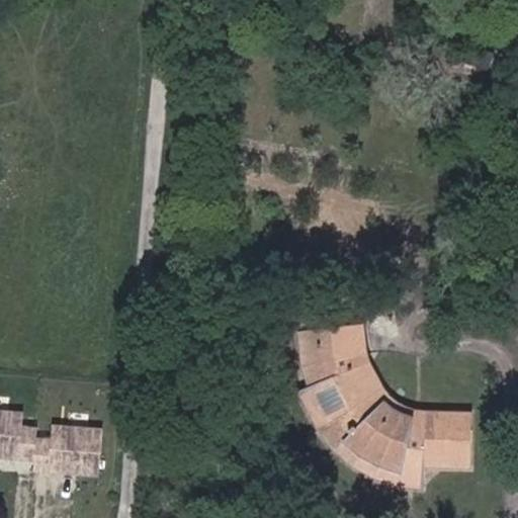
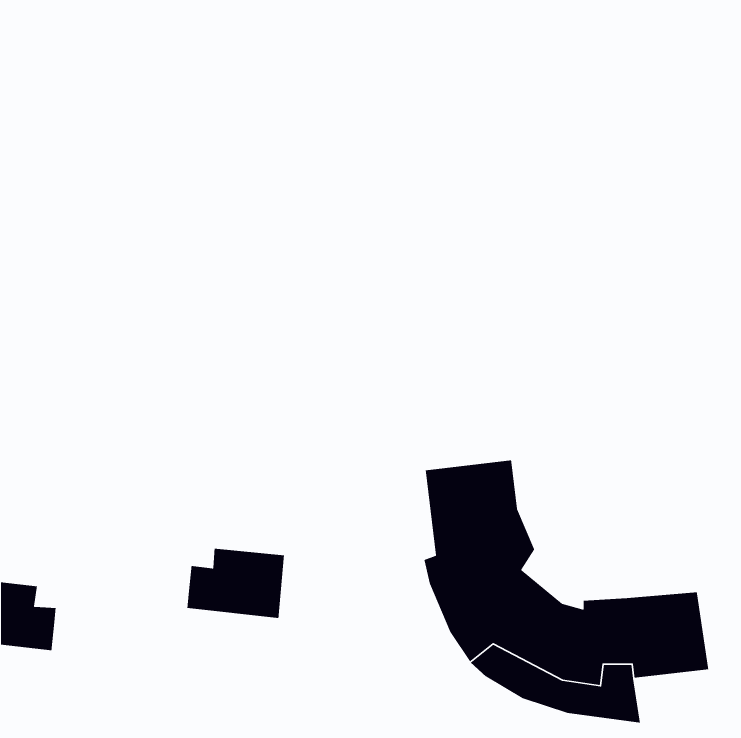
building: [364,383,437,425] -> none
building: [35,422,104,471] -> [186,548,285,619]

